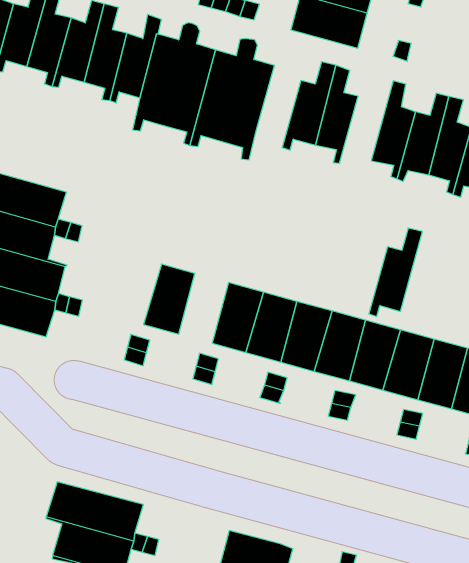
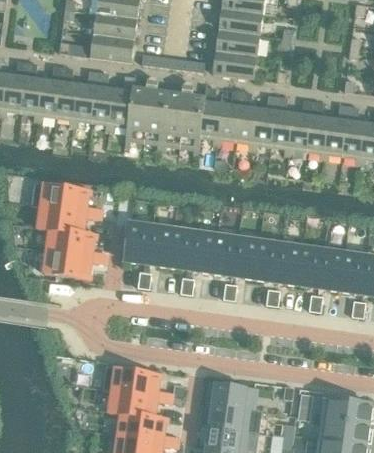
building: none -> [199,86,222,145]
building: [369,228,422,317] -> [252,95,278,151]
building: none -> [124,221,152,263]
building: none -> [168,228,194,269]

